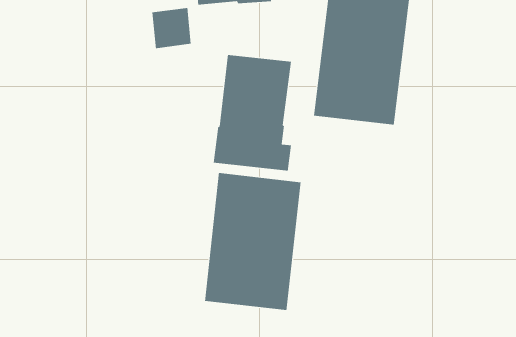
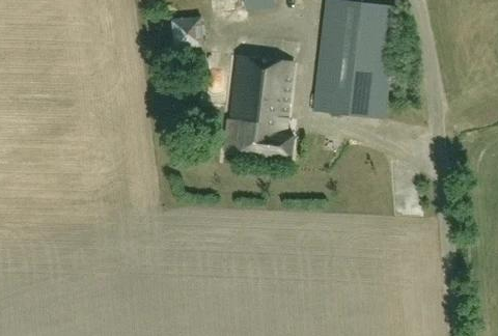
building: [204,172,301,311] -> none

